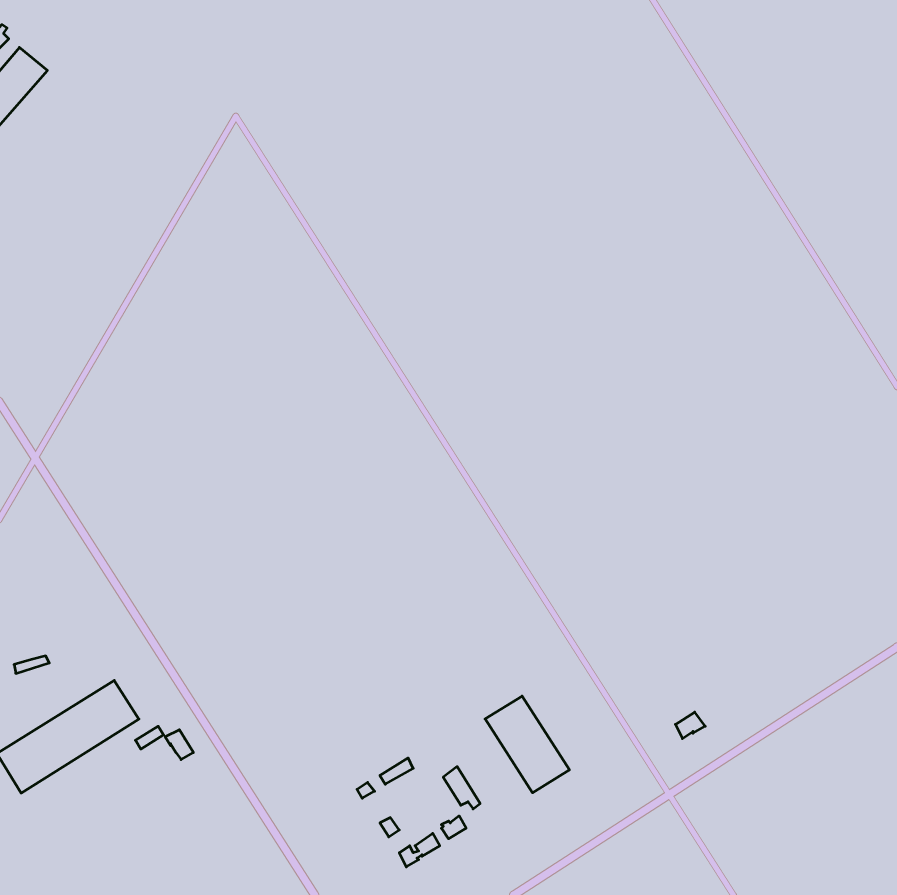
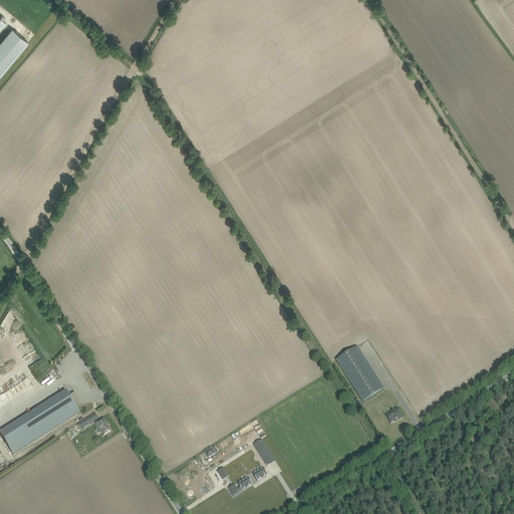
building: [485,696,569,793] -> [335,345,383,401]

